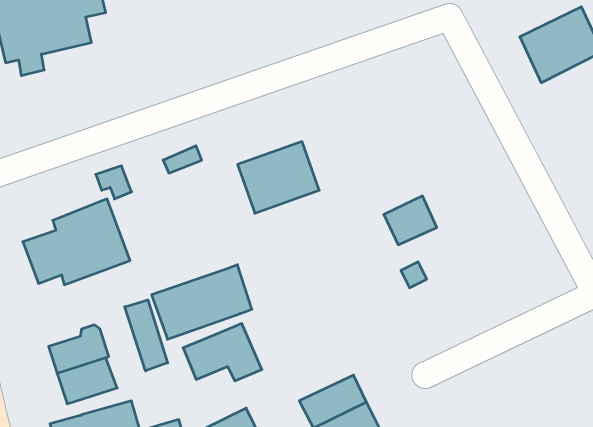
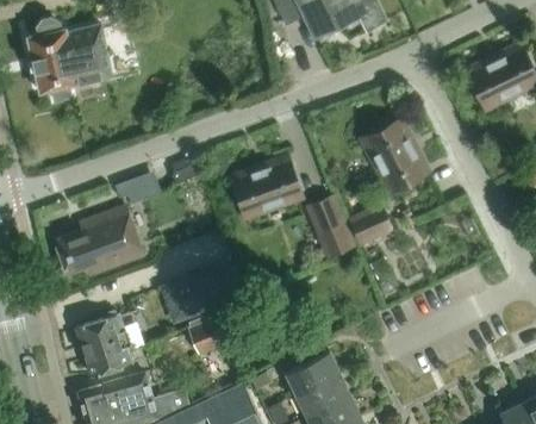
building: none -> [363,121,426,192]
building: none -> [308,198,353,256]
building: [125,300,168,371] -> none

